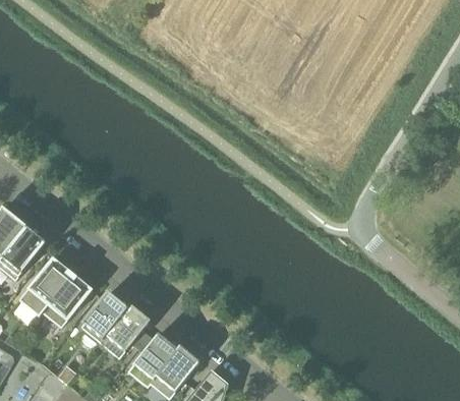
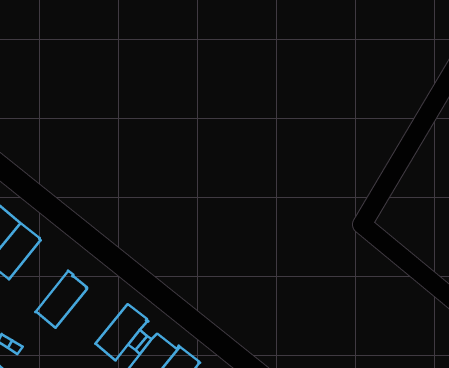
building: [19,259,73,317] -> none
building: [80,293,130,343] -> none

